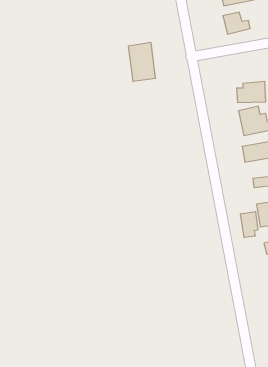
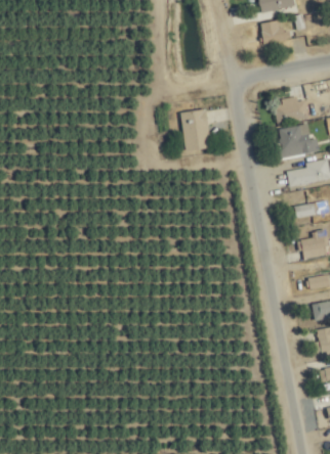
building: [128,43,156,81] -> [181,108,212,151]
building: [240,211,258,238] -> none

